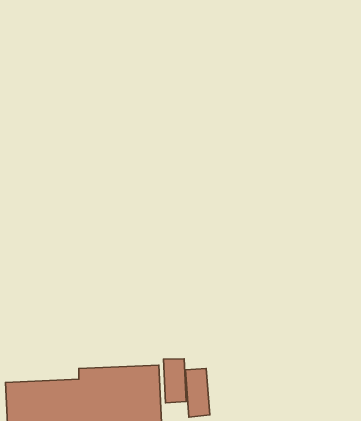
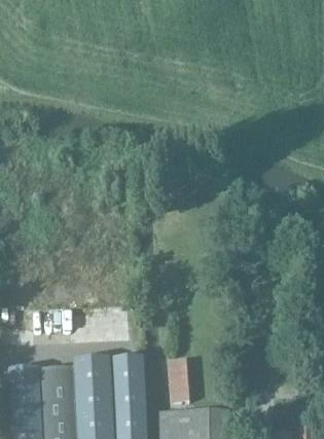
building: [163,359,186,403] -> none

